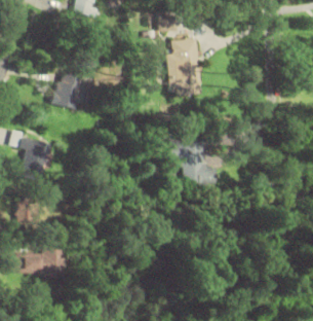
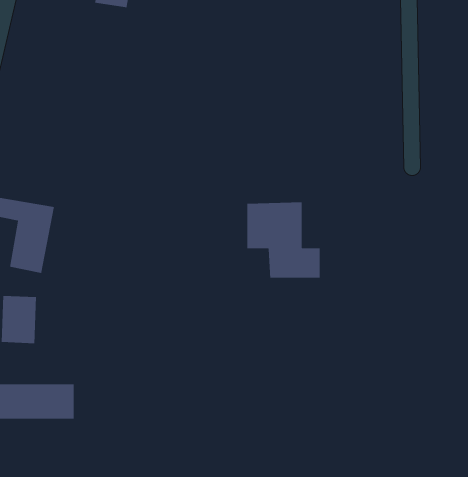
building: [166,38,200,96] -> none
building: [55,74,82,108] -> none

